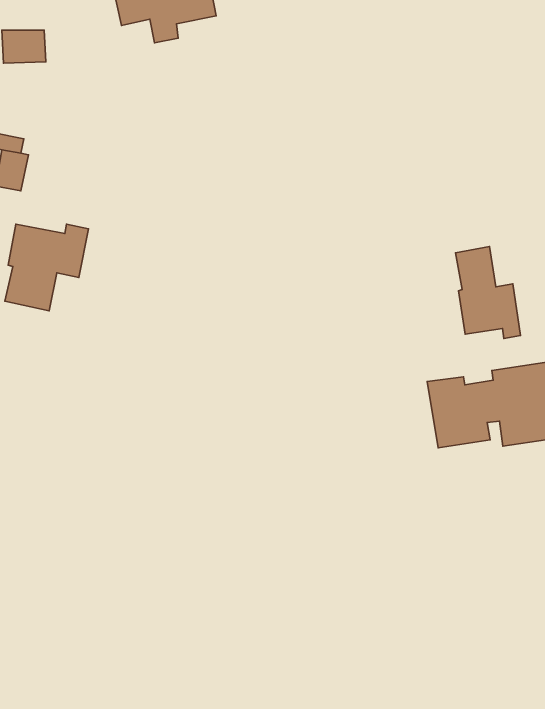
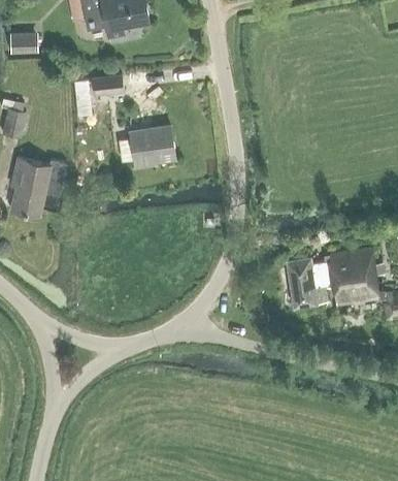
building: none -> [91,74,123,95]
building: none -> [117,126,174,163]
building: [456,247,521,338] -> none

